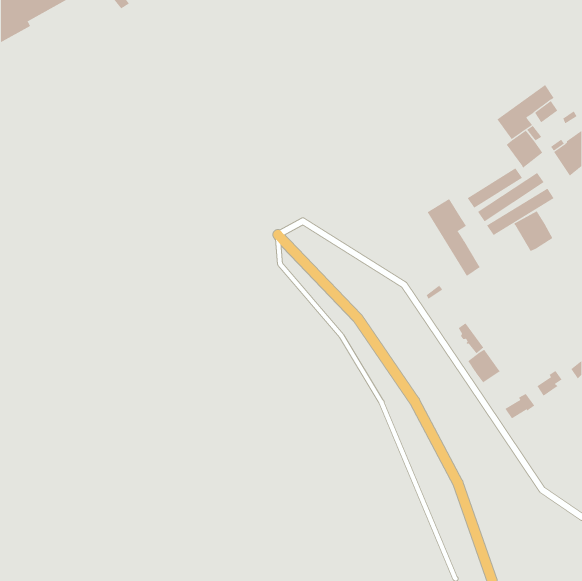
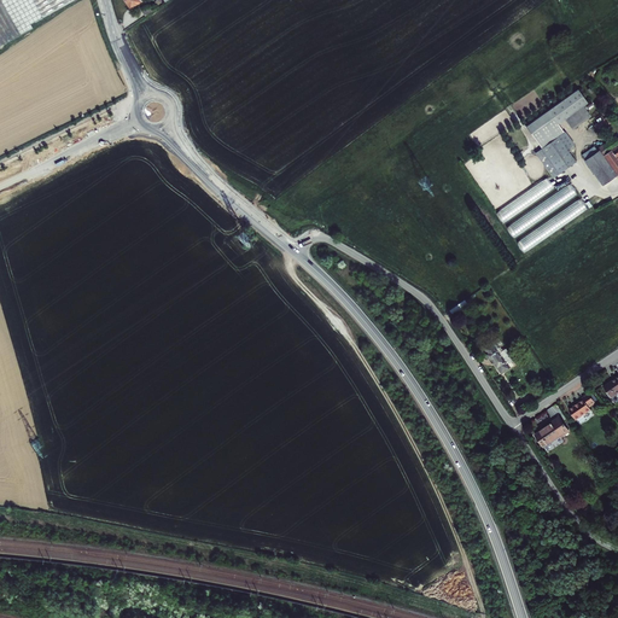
building: [427,198,481,277] -> none
building: [513,211,553,252] -> none
building: [468,349,501,383] -> none

